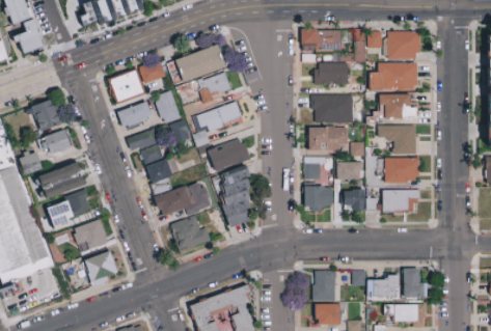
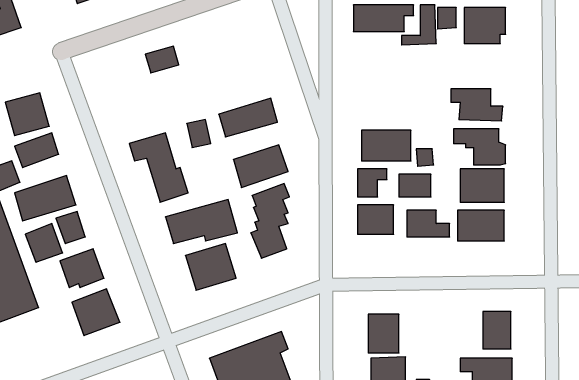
building: [174,45,224,81] -> none
building: [367,61,417,90] -> none
building: [313,62,349,84] -> none
building: [107,70,144,104] -> none
building: [196,72,231,101] -> none
building: [155,90,180,121] -> none
building: [312,93,353,122] -> none
building: [116,101,153,127] -> none
building: [352,270,399,296] -> none

